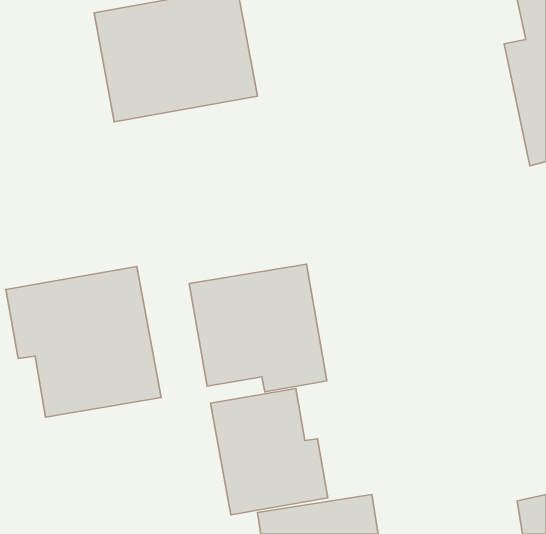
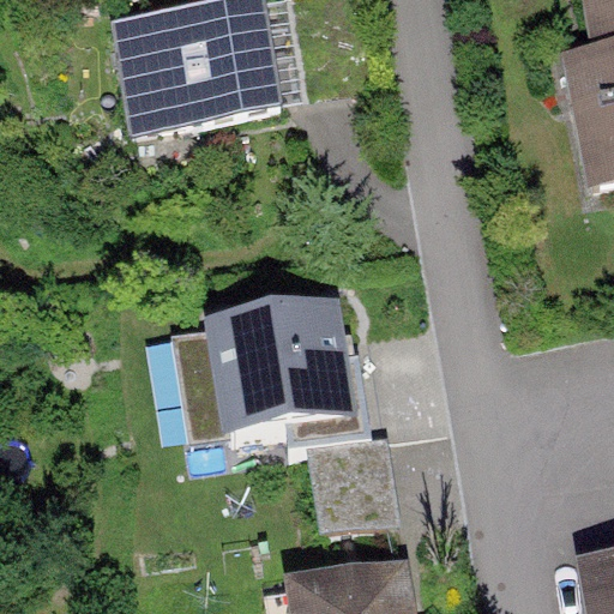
building: [6,267,161,417] -> none
building: [210,389,328,515] -> none

